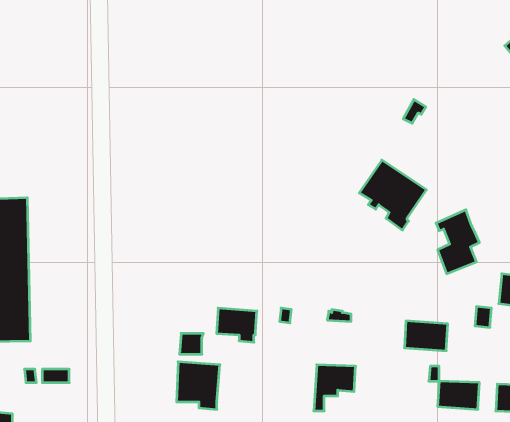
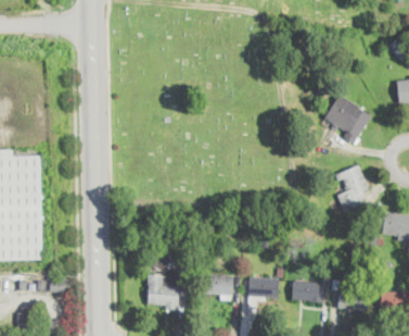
building: [359,160,426,230] -> [324,94,373,145]
building: [217,308,257,342] -> [204,275,233,300]
building: [404,321,448,351] -> [292,281,323,302]

